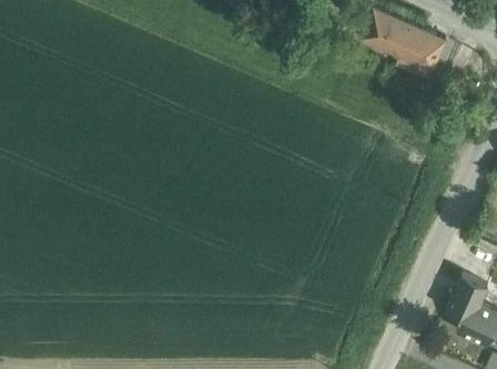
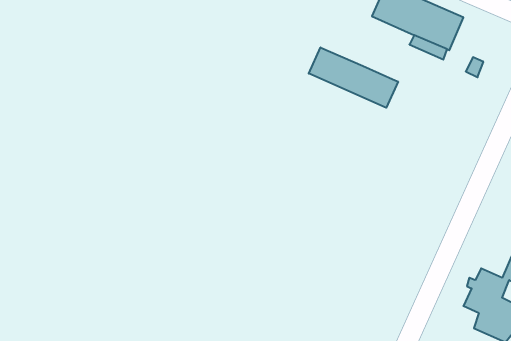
building: none -> [309,47,398,108]

